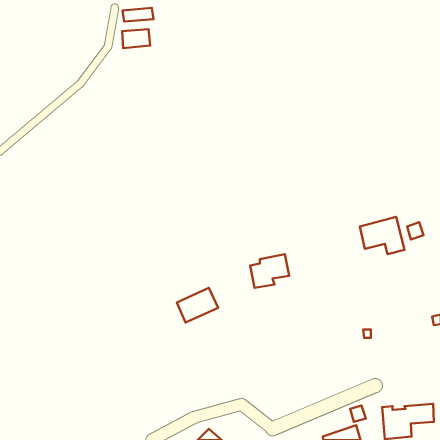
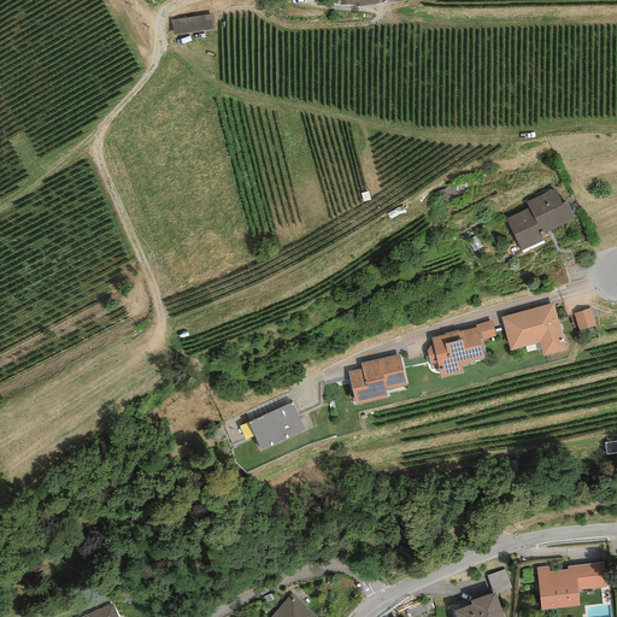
building: [122,29,150,48] -> none
building: none -> [504,192,571,254]
building: none -> [430,324,496,375]

